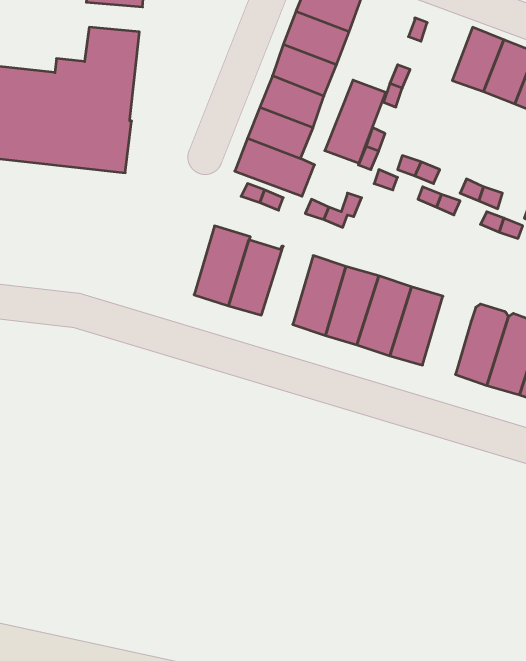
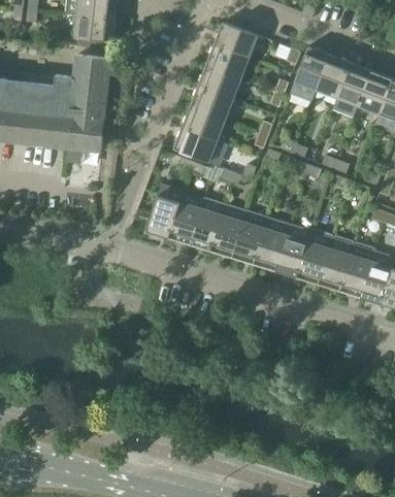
building: [325,80,386,163] -> [290,46,330,101]
building: none -> [191,199,225,251]
building: none -> [297,231,332,284]

